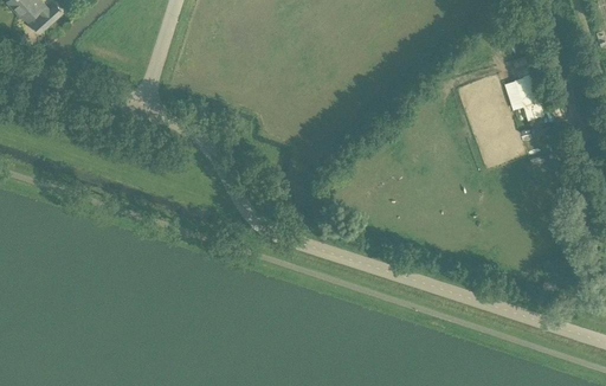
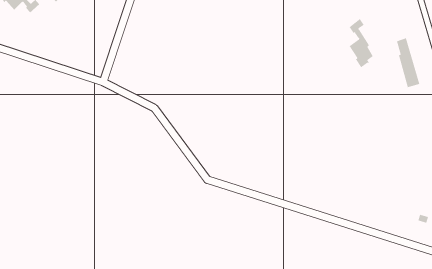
building: none -> [349,18,374,68]

